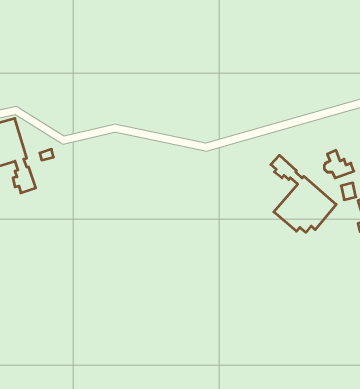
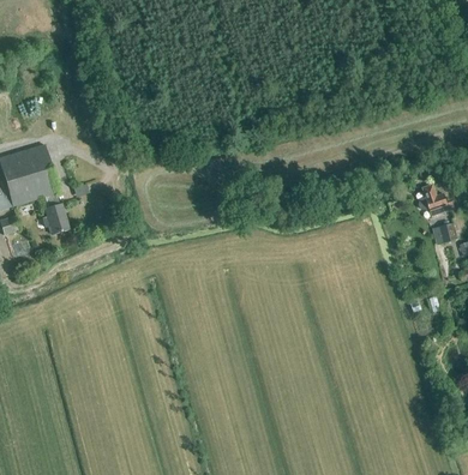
building: [271,155,336,232] -> none

